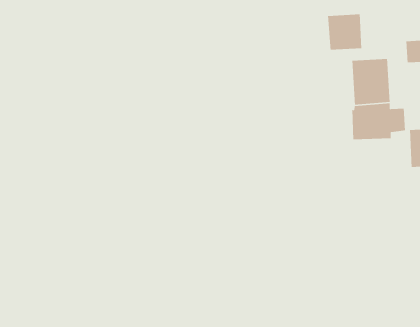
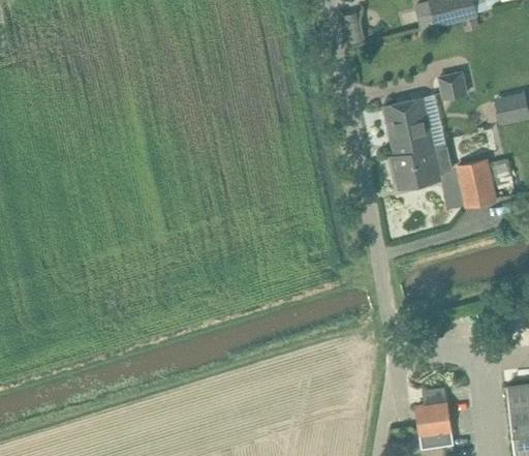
building: [327,13,362,50] -> none

